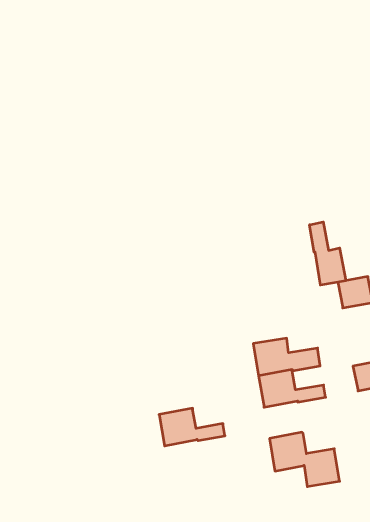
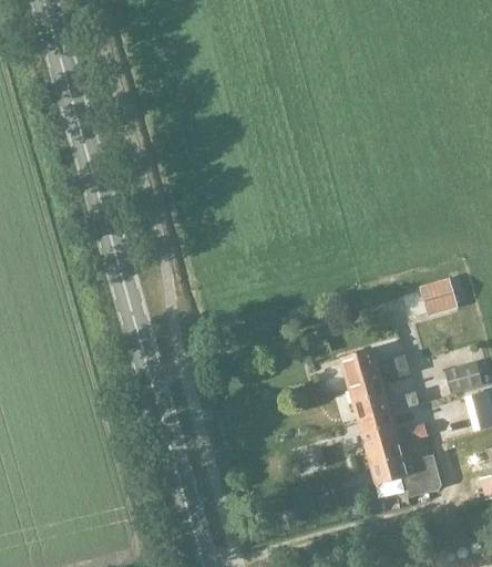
building: [310,222,346,285] -> none
building: [159,408,225,446] -> [359,412,428,453]

